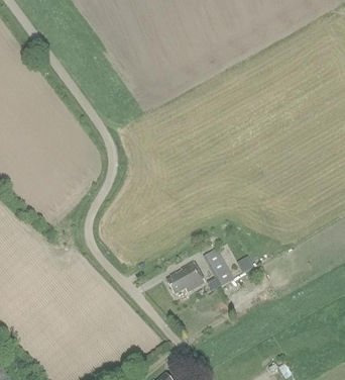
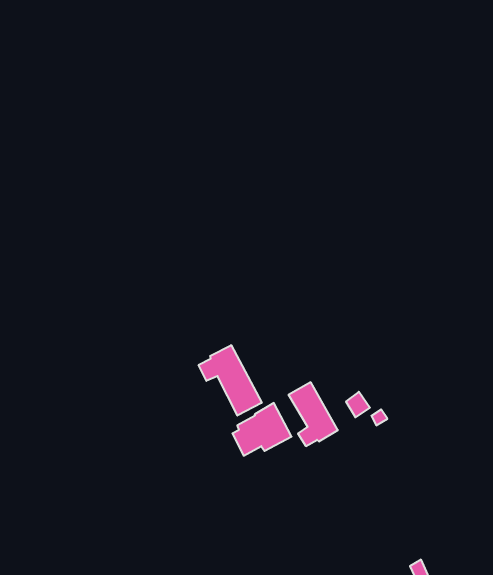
building: none -> [199,345,262,416]

